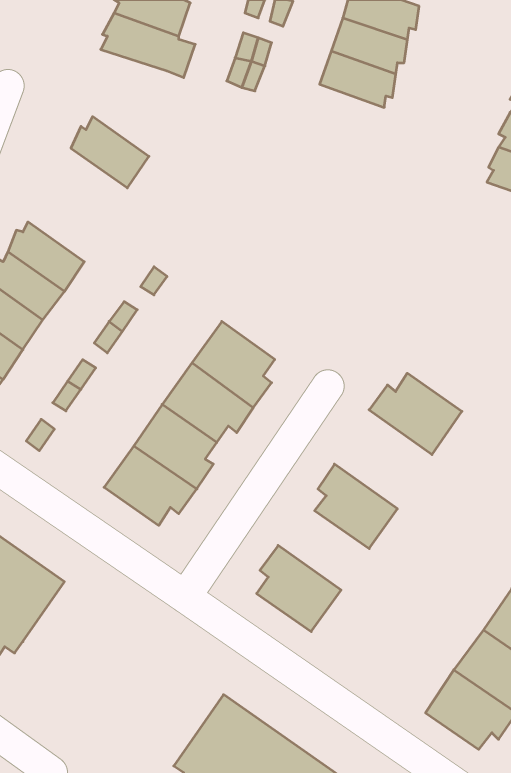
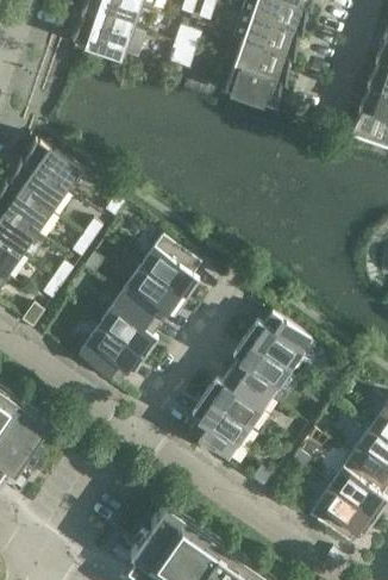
building: none -> [225,66,280,108]
building: [71,117,149,188] -> [24,142,80,193]
building: [369,373,462,455] -> [244,312,311,370]
building: none -> [204,372,269,429]

